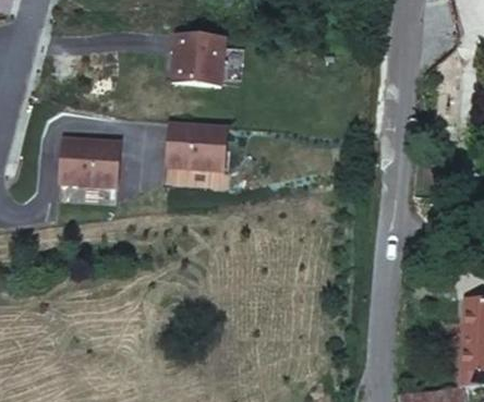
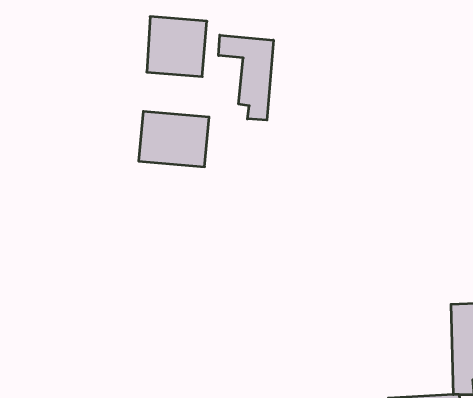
building: none -> [219,35,273,120]
building: [57,135,122,188] -> none

